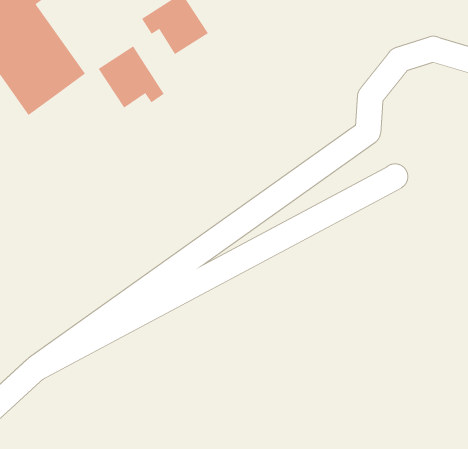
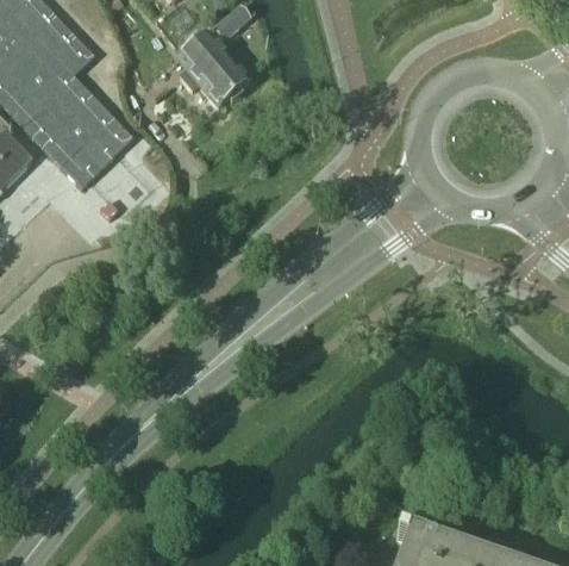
building: [98,46,165,108] -> none

